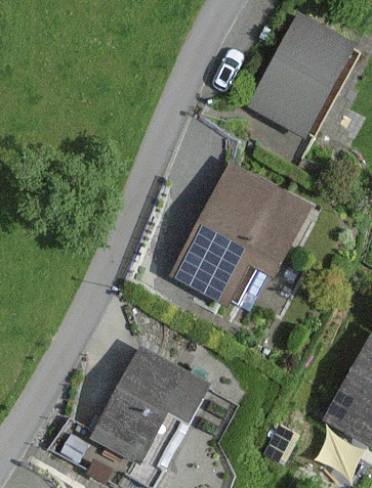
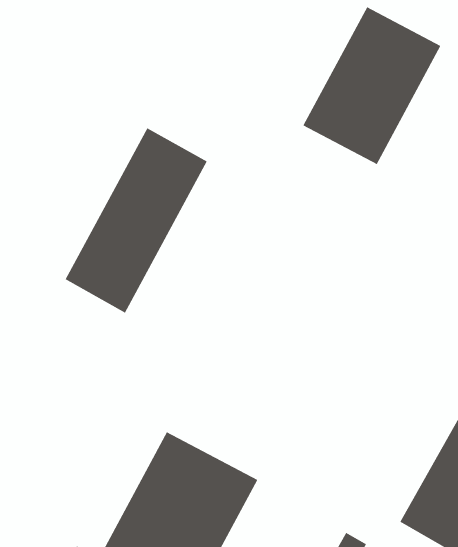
building: none -> [65,127,207,313]
building: [171,164,312,305] -> none

